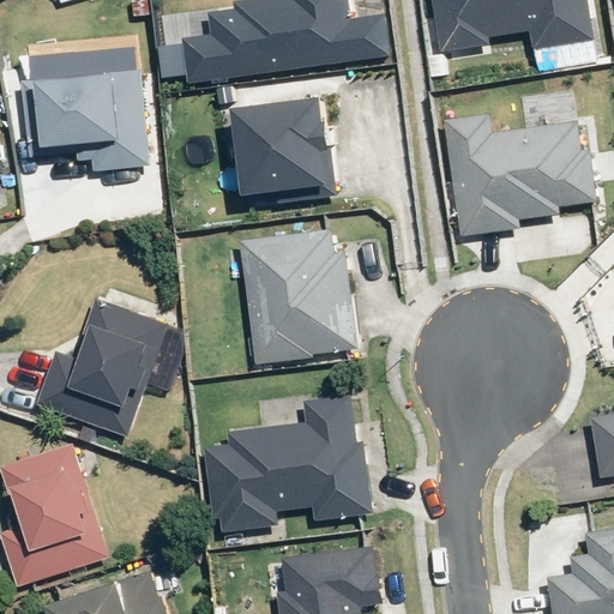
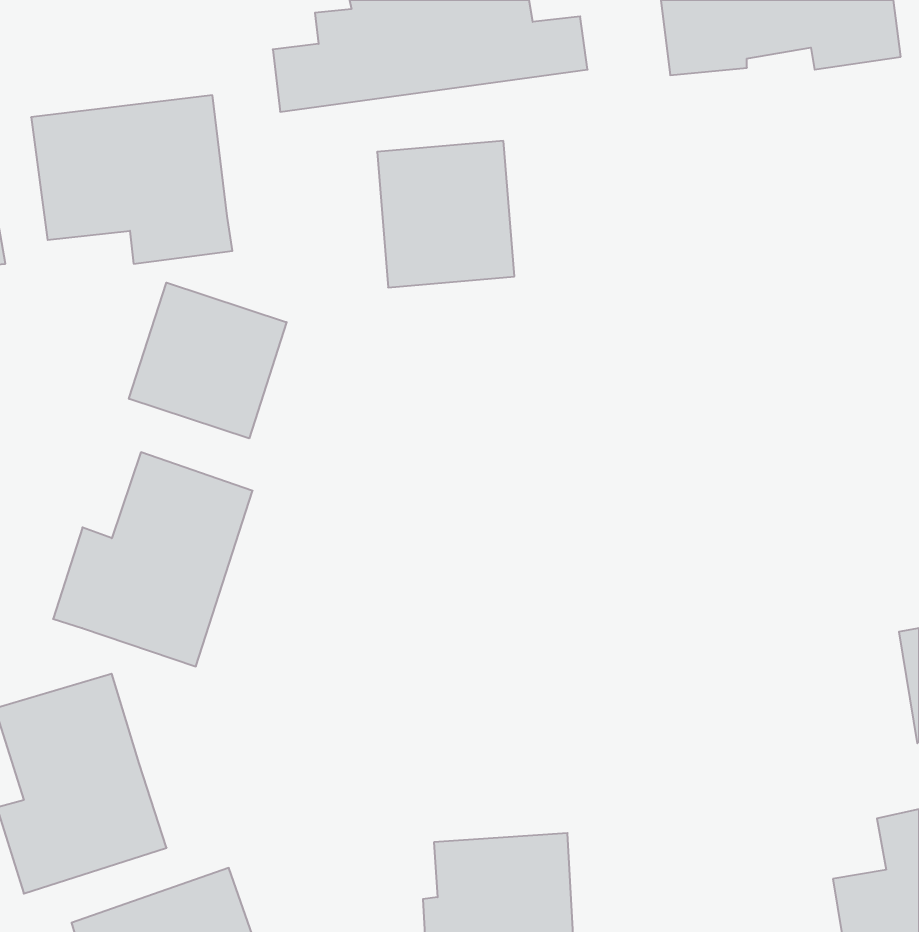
building: [453,110,588,235] -> none
building: none -> [129,283,287,438]
building: [243,231,354,366] -> none
building: [204,396,367,530] -> none

